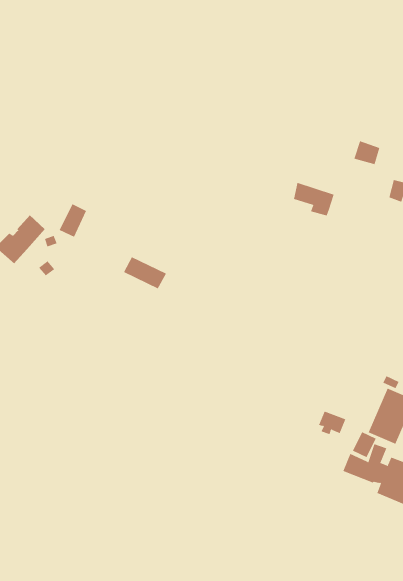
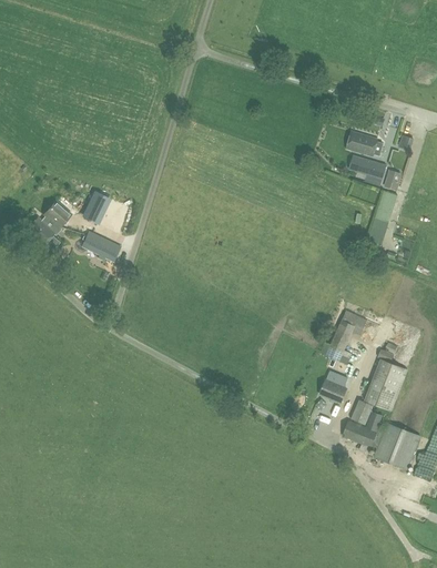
building: [293,182,334,216] -> [348,154,386,185]
building: [123,256,167,289] -> [80,231,120,261]
building: none -> [319,310,363,364]

